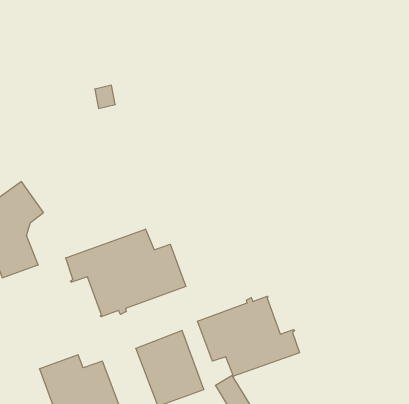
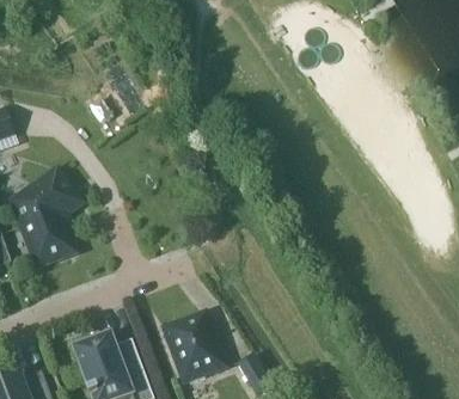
building: [66,229,186,317] -> none
building: [198,296,299,376] -> none

